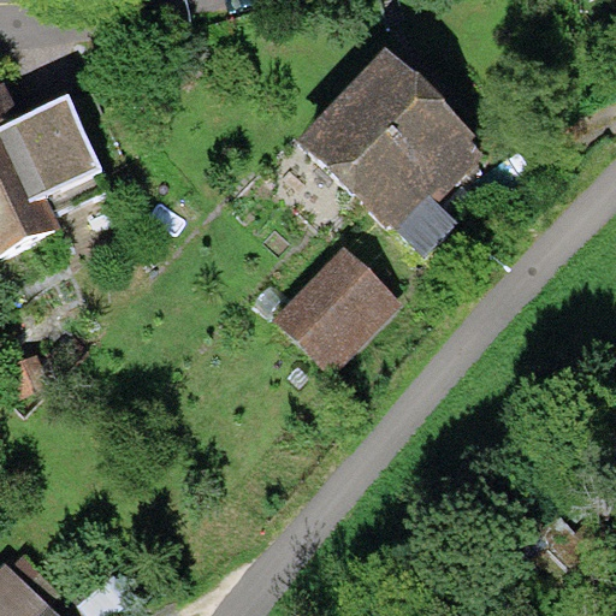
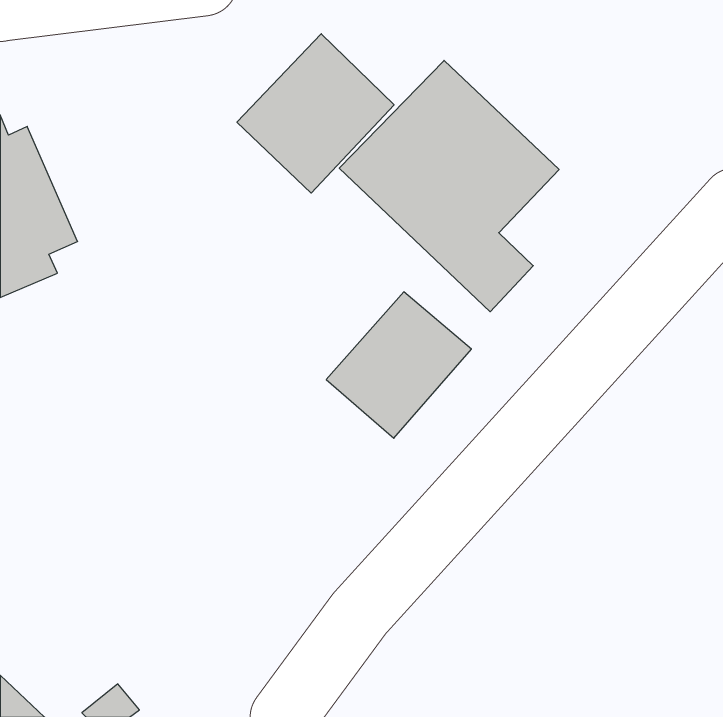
building: none -> [237,34,394,193]

